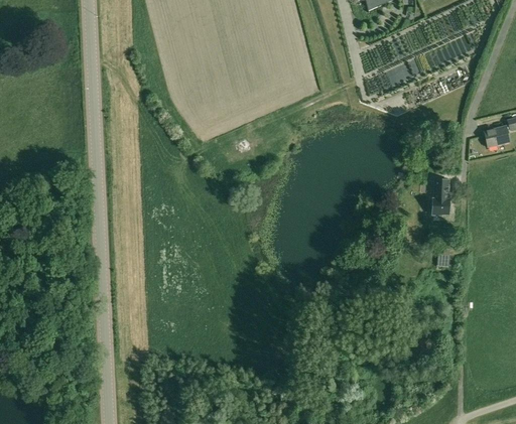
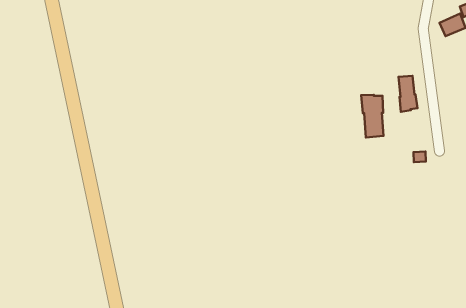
building: none -> [361,95,384,137]

